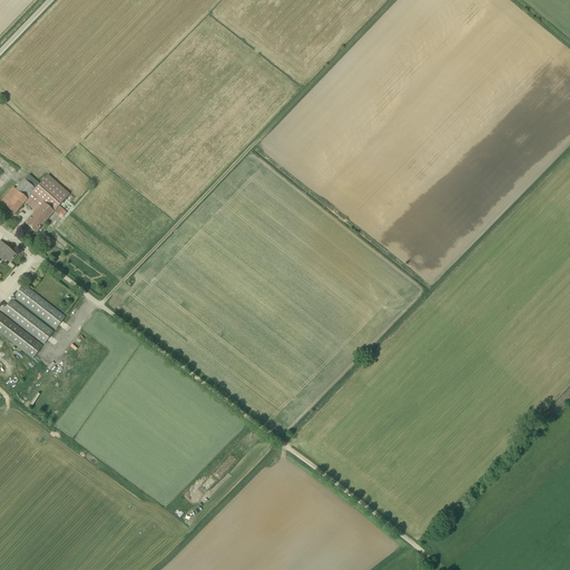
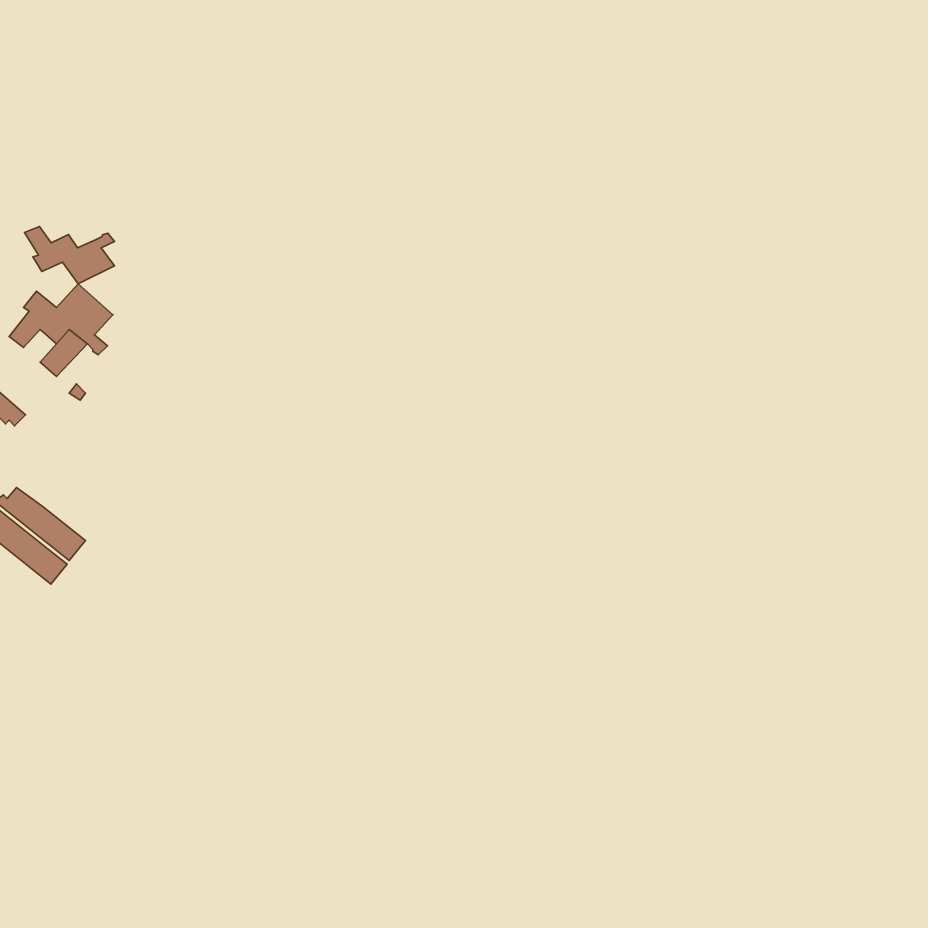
building: none -> [25,226,115,284]
building: [12,283,65,328] -> none

